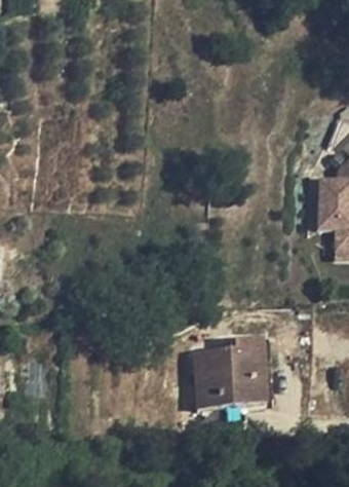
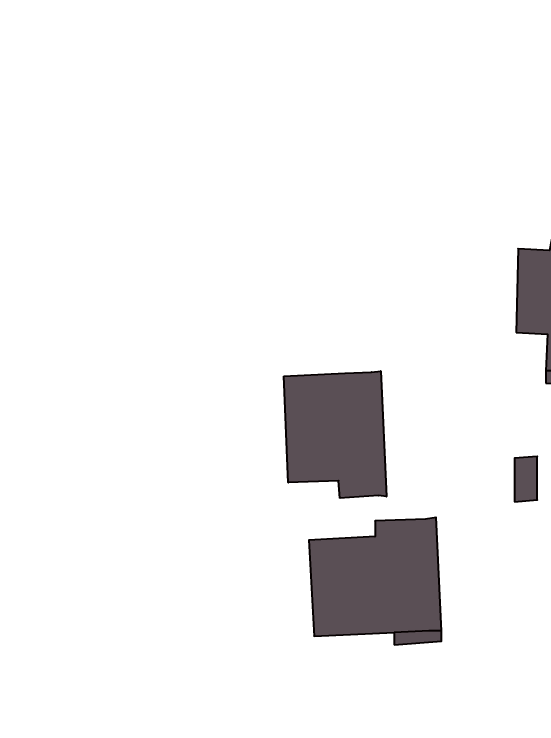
building: none -> [284,371,386,498]

